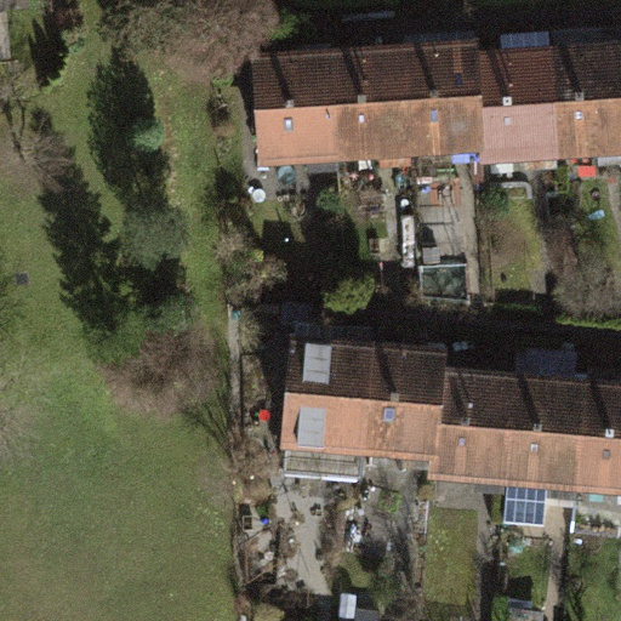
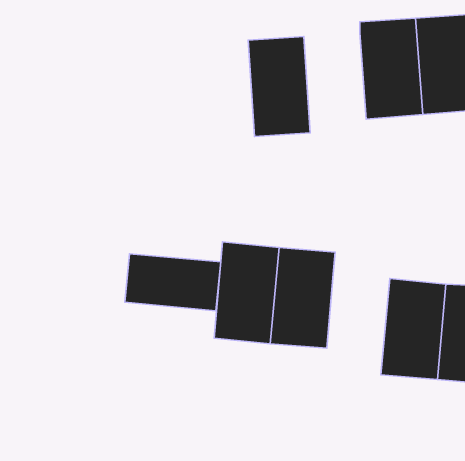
building: [406,44,490,176] -> none
building: [257,53,341,187] -> none
building: none -> [125,254,221,311]
building: [434,363,520,496] -> none

